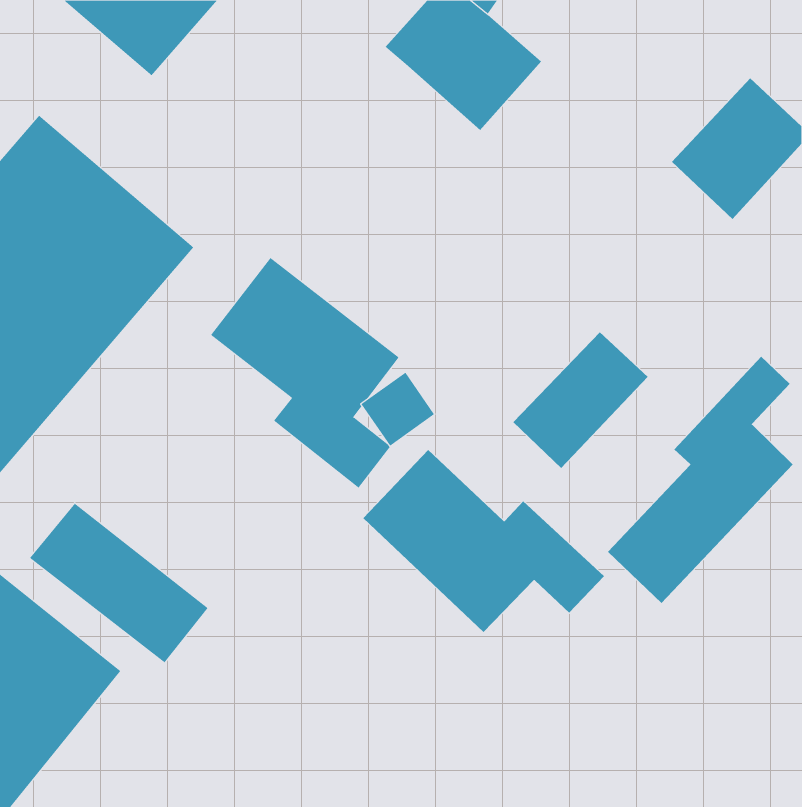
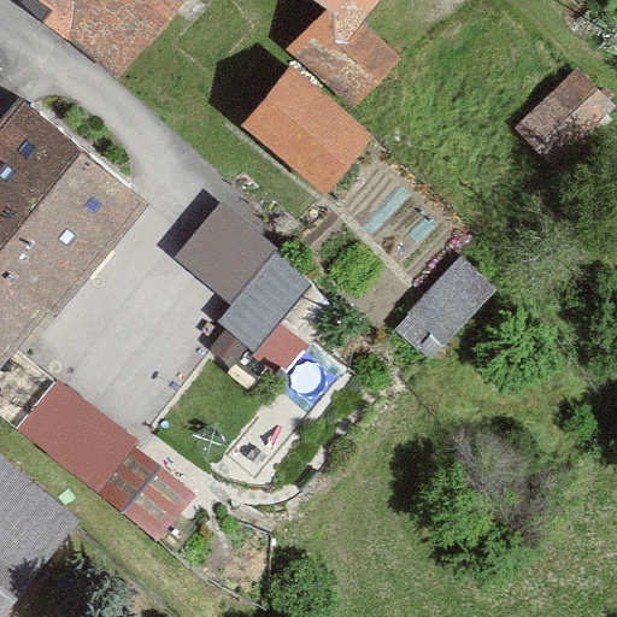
building: none -> [252,64,384,194]
building: [607,356,794,604] -> none
building: [362,449,605,633] -> none

